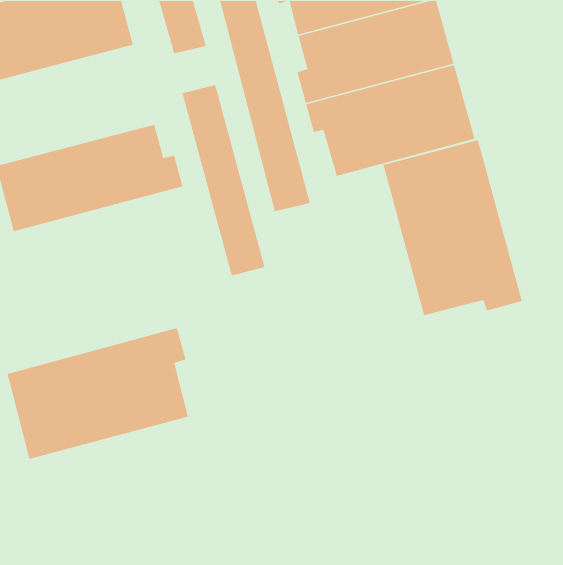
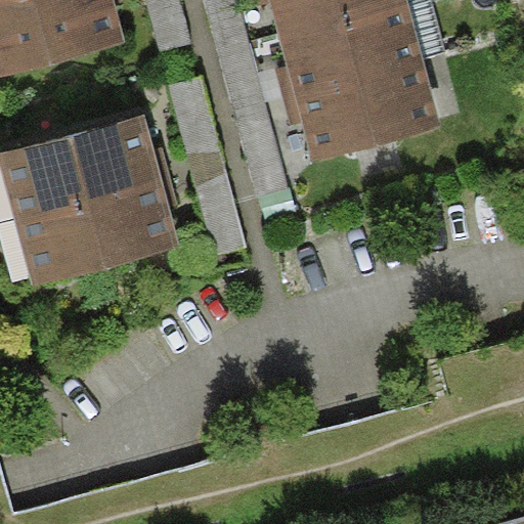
building: [383,139,523,316] -> none
building: none -> [12,173,178,283]
building: [6,327,189,460] -> none

